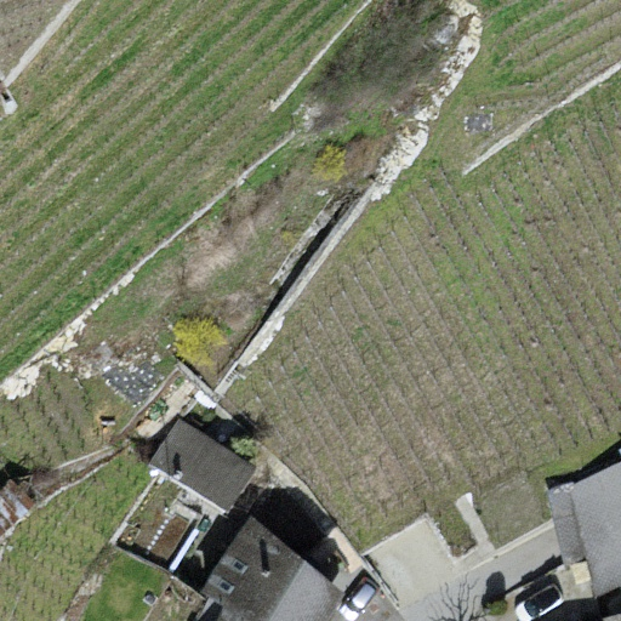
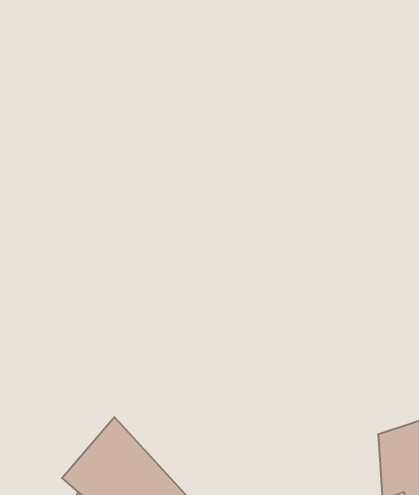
building: [147,418,258,512] -> none

